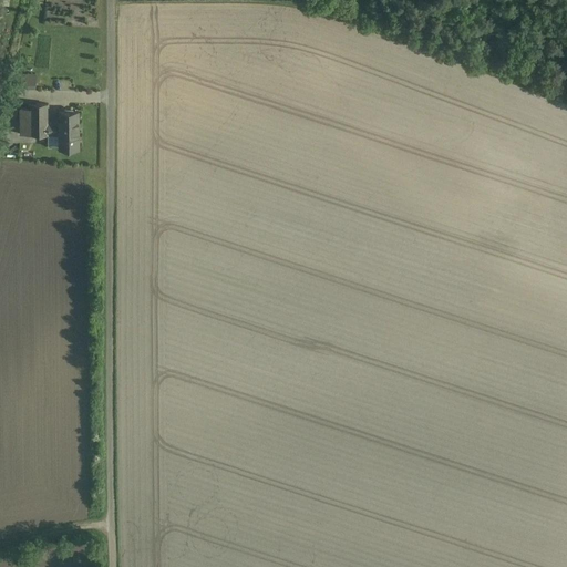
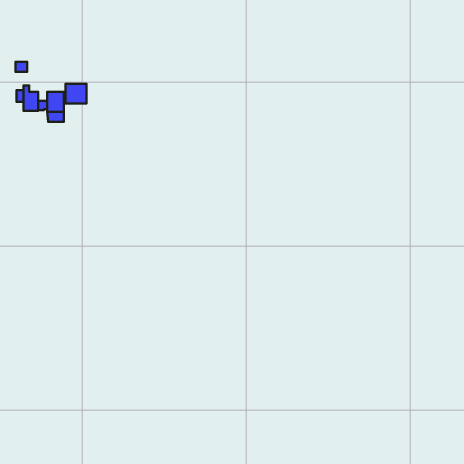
building: none -> [65,84,87,104]

